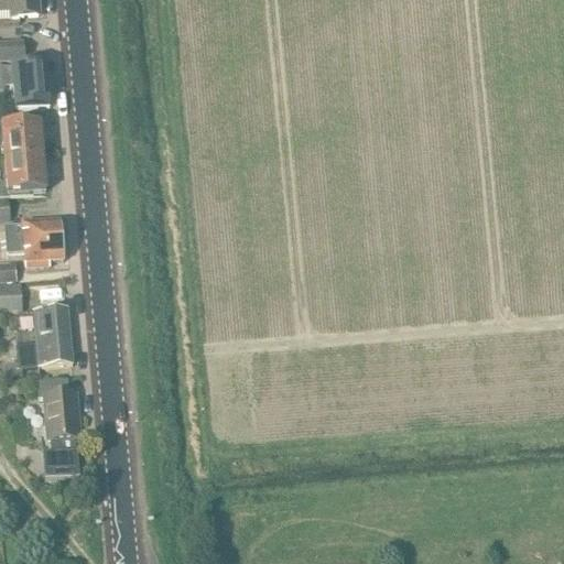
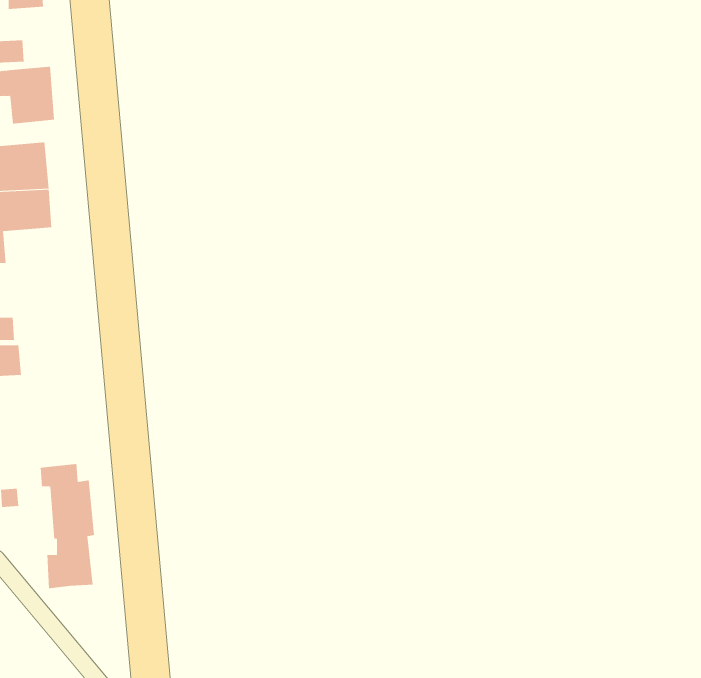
building: [19,216,62,265] -> none
building: [35,306,74,365] -> none

